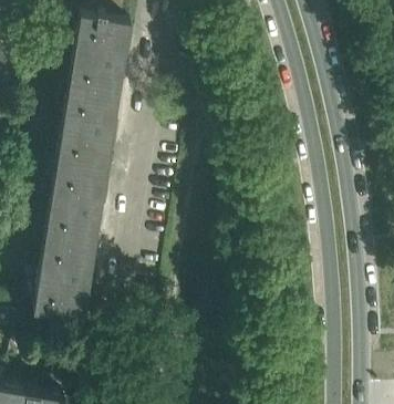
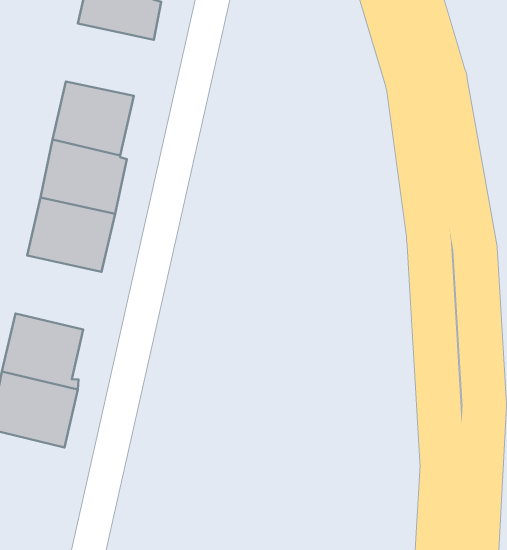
building: [70,35,126,81] -> none
building: [45,190,101,237] -> none

